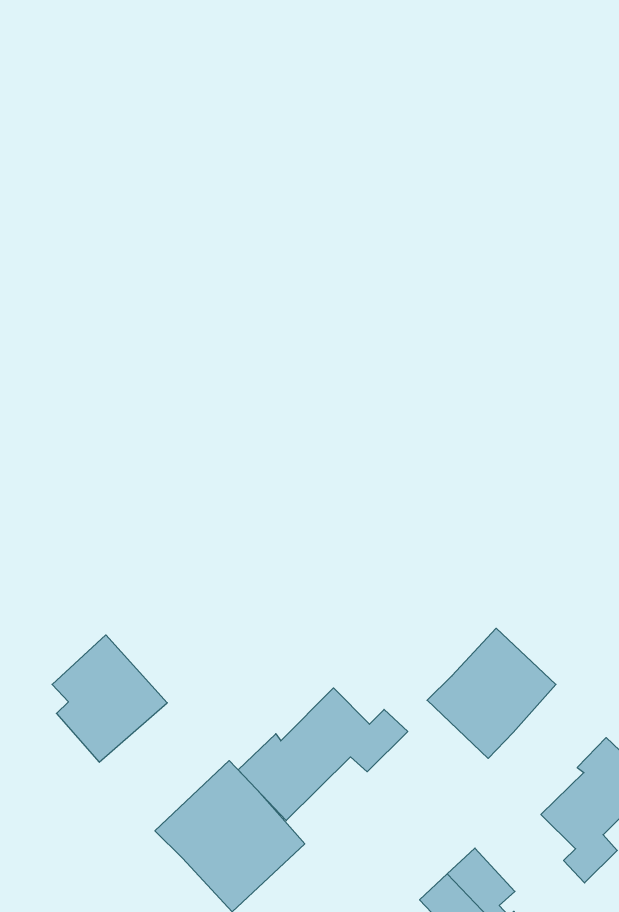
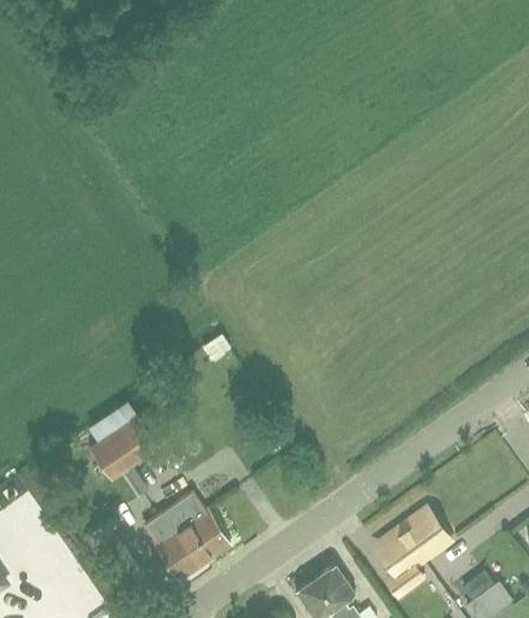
building: [427,628,556,758] -> none
building: [238,688,408,821] -> none

